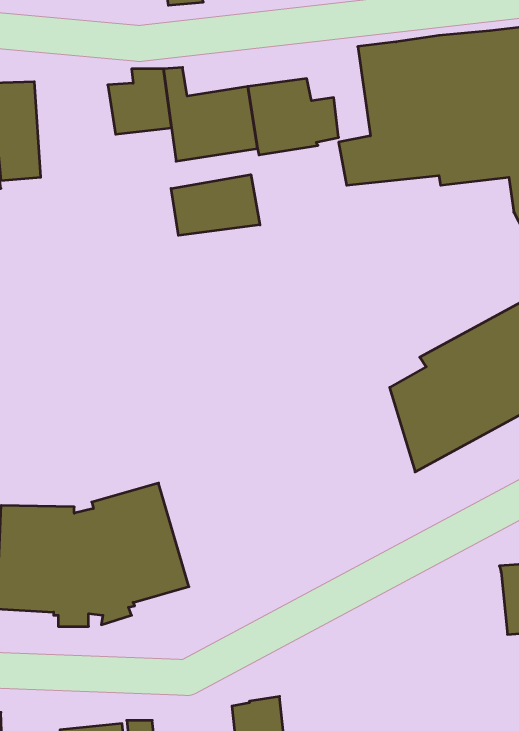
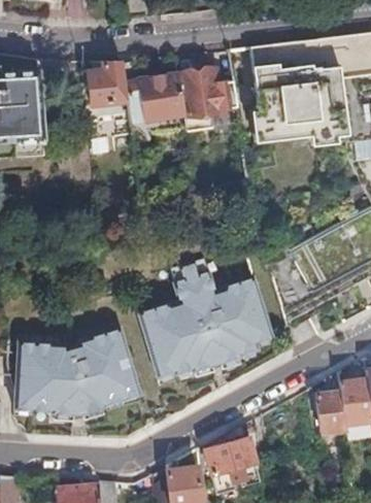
building: [171,175,260,235] -> none
building: none -> [137,261,272,378]
building: none -> [316,387,345,435]
building: none -> [204,438,255,476]

